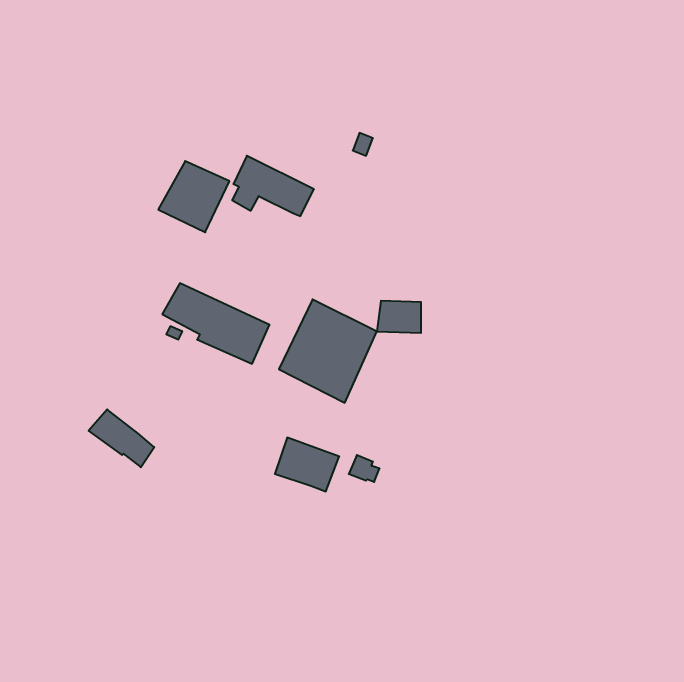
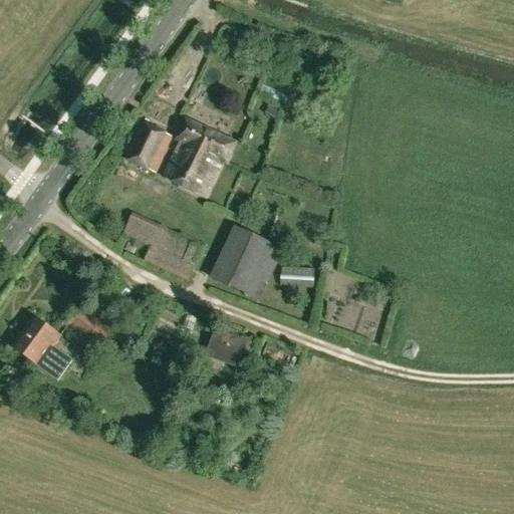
building: none -> [162,147,220,195]
building: [377,301,421,333] -> [279,266,312,290]
building: none -> [11,317,58,370]

